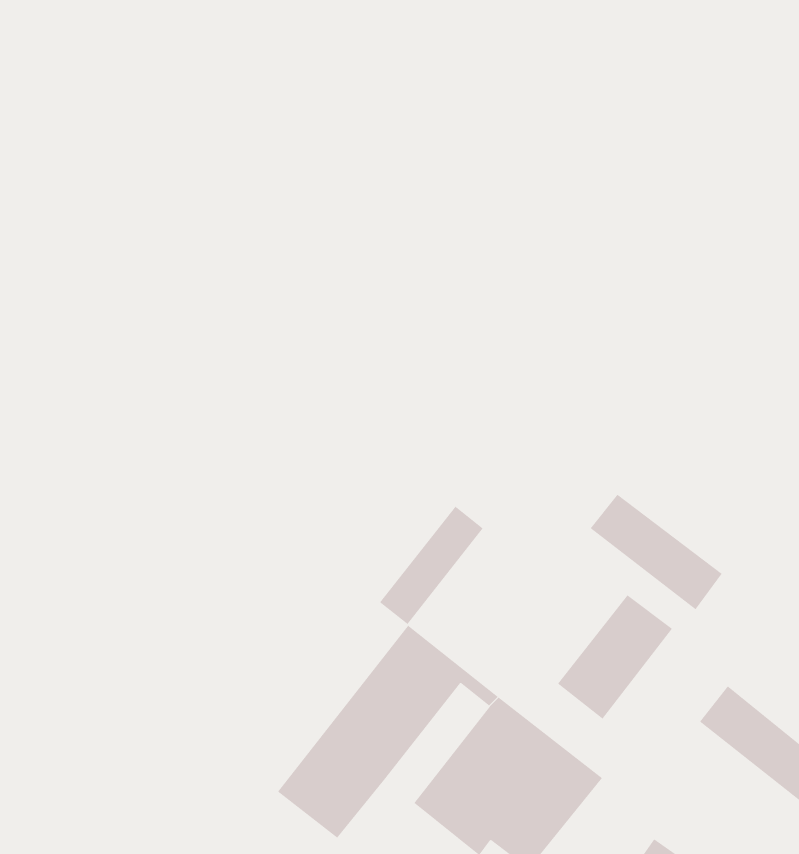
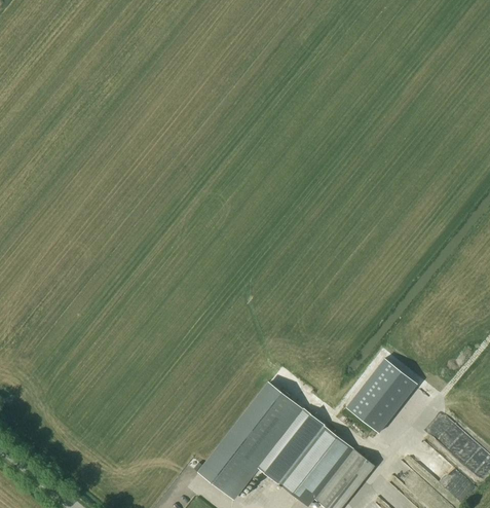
building: [590,494,723,610] -> none
building: [379,506,483,625] -> [257,413,313,478]

